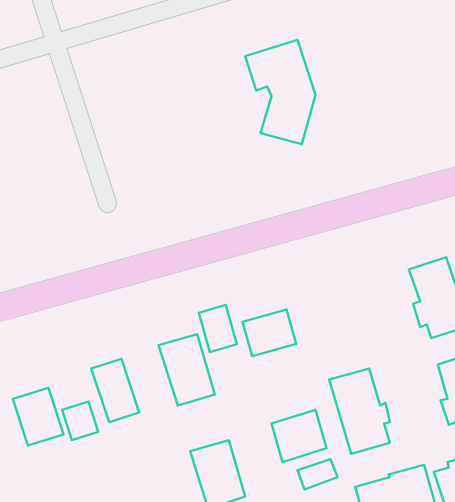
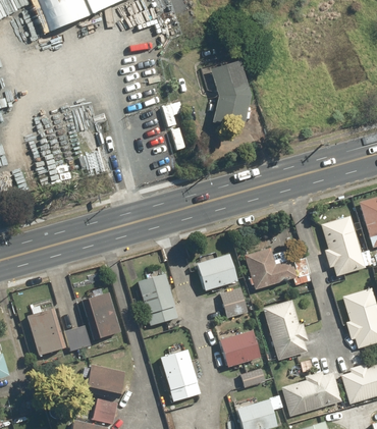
building: none -> [244,245,293,290]
building: [199,305,237,352] -> none
building: none -> [219,285,248,319]
building: none -> [85,364,125,393]

